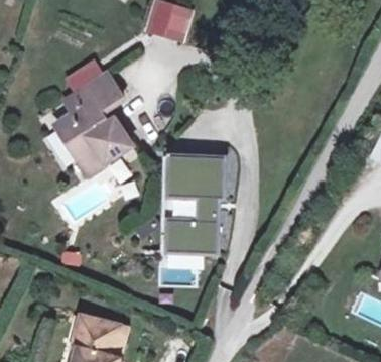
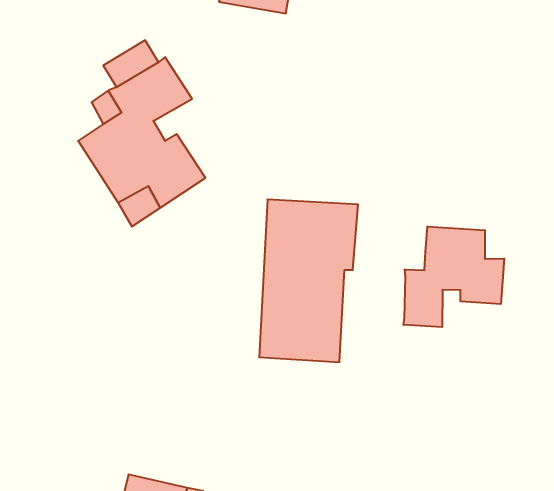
building: none -> [404,226,504,327]

